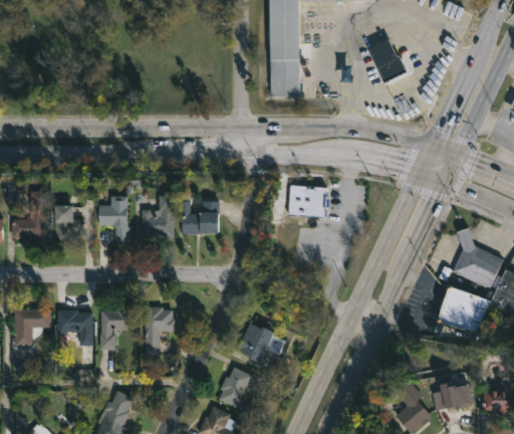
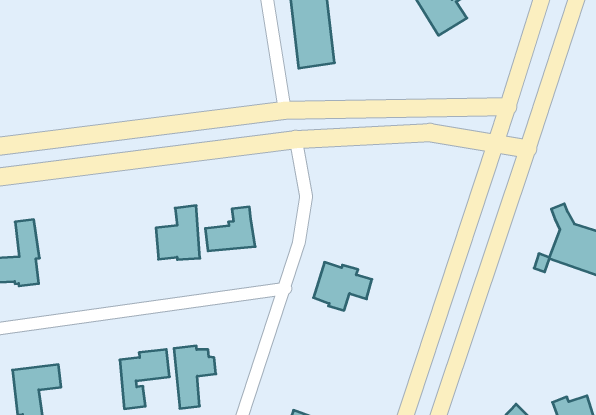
building: [288,185,325,217] -> none
building: [97,195,132,241] -> none
building: [54,205,85,244] -> none
building: [438,286,480,331] -> none
building: [57,309,93,345] -> none
building: [237,322,285,363] -> [313,262,372,310]

